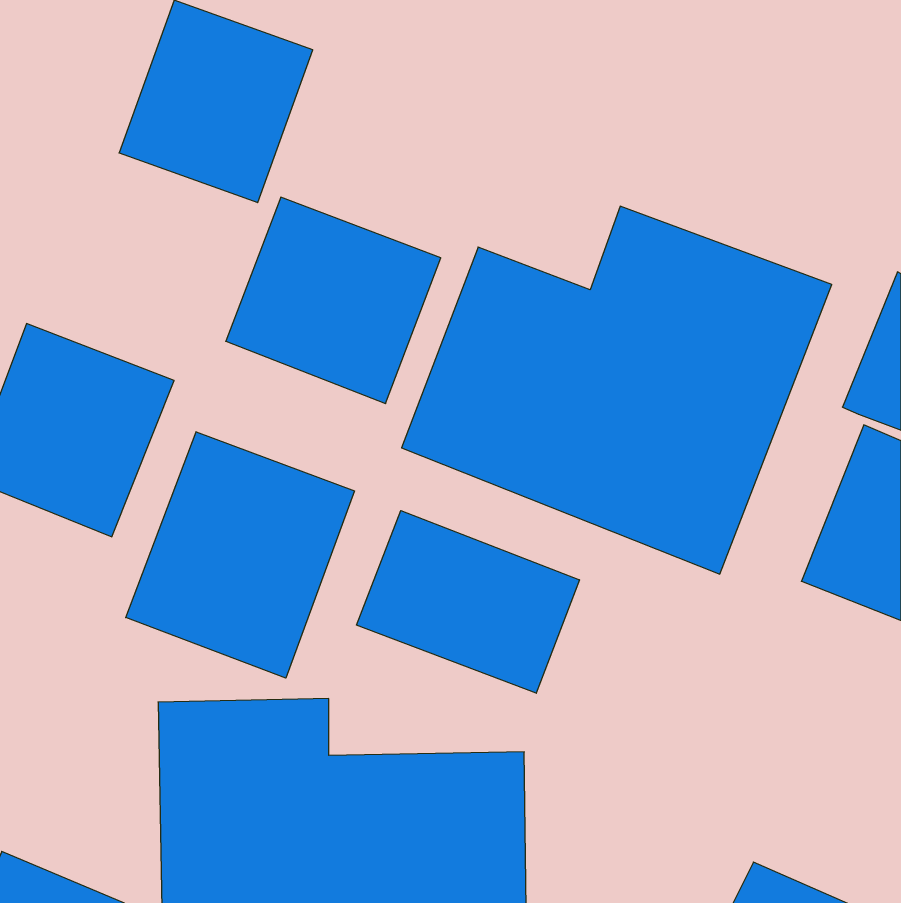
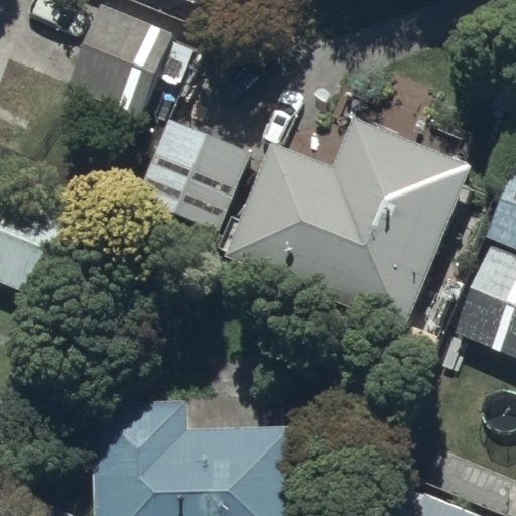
building: [126,432,355,678] -> none
building: [357,511,579,693] -> none

